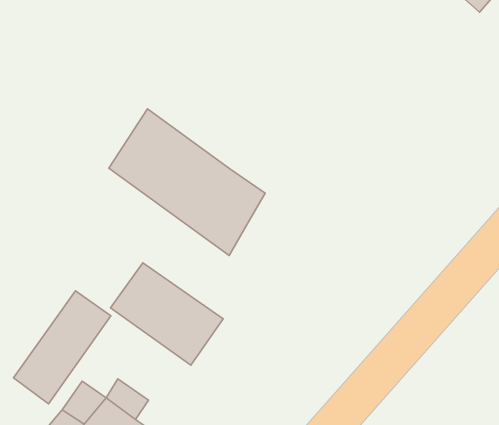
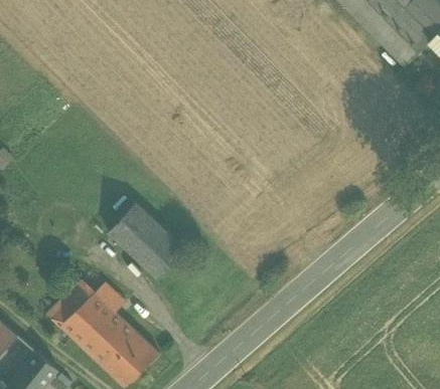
building: [109,109,265,255] -> none
building: [13,291,111,404] -> none

